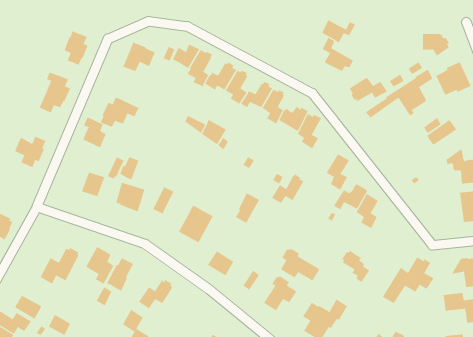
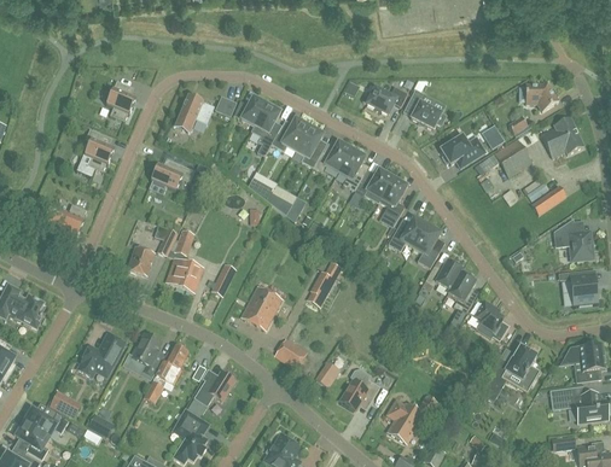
building: [322,19,356,43] -> [367,87,407,115]
building: [82,117,107,148] -> none
building: [271,174,304,204] -> [388,216,426,251]
building: [280,248,320,281] -> none
building: [341,250,370,283] -> [475,302,508,340]

